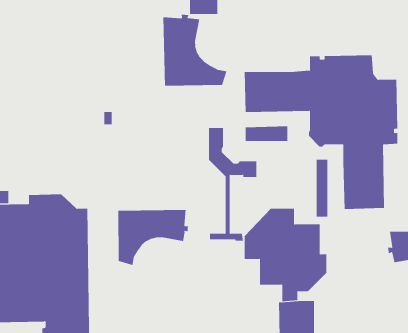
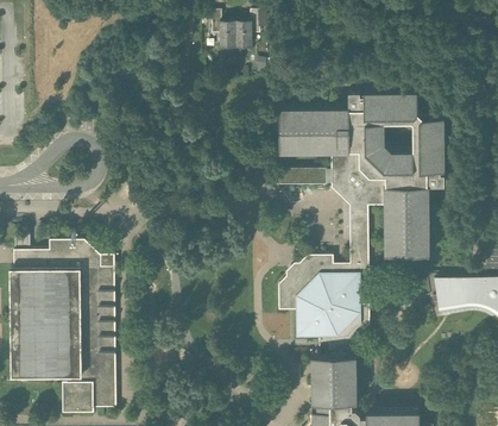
building: [163,14,227,86] -> none
building: [208,128,257,241] -> [332,151,384,272]
building: [118,209,189,266] -> none

